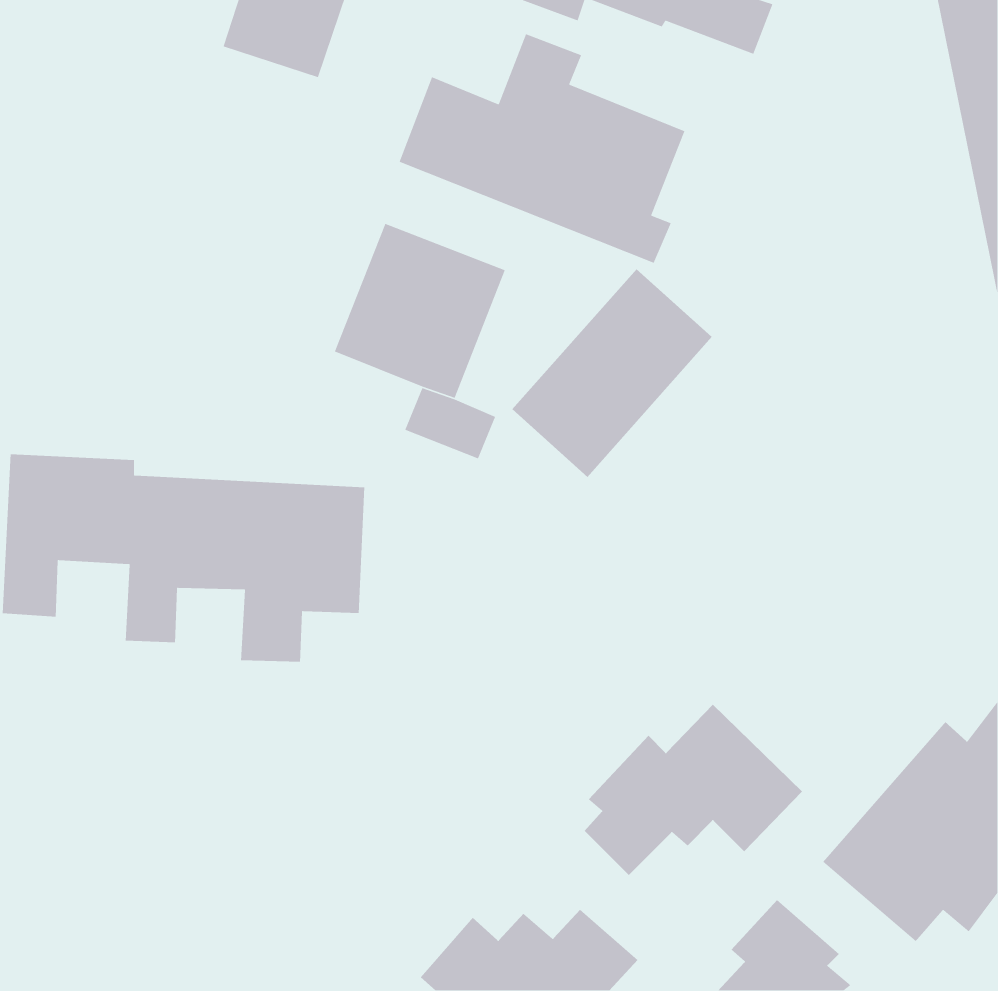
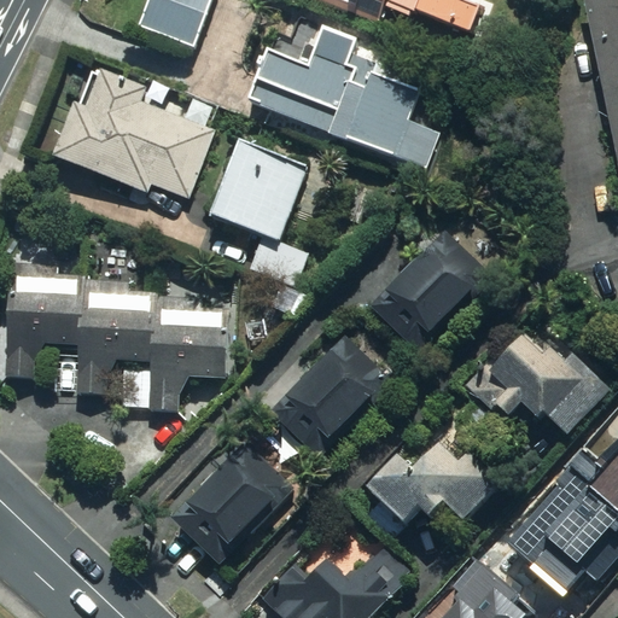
building: none -> [51,56,226,198]
building: [511,269,713,478] -> [365,226,489,355]
building: none -> [461,327,611,436]
building: none -> [279,333,393,449]
building: none -> [171,444,295,567]

